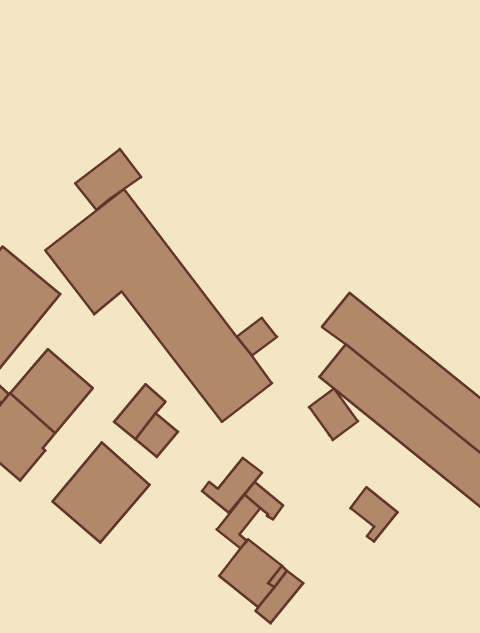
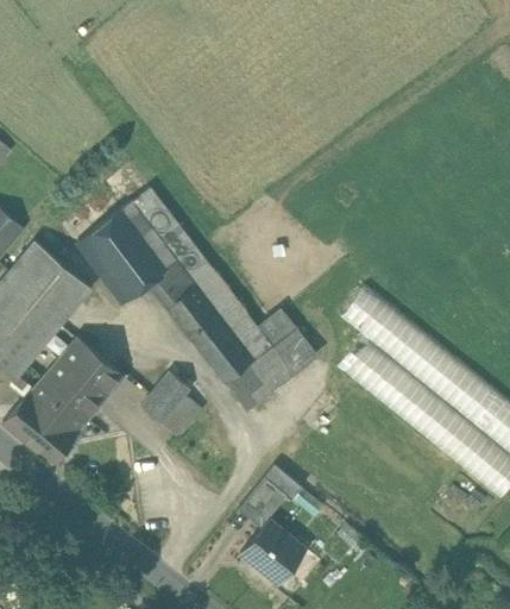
building: [75,149,141,210] -> none
building: [309,389,358,440] -> [272,326,319,375]
building: [53,442,150,543] -> none
building: [202,458,262,513] -> none
building: [350,487,398,542] -> none

